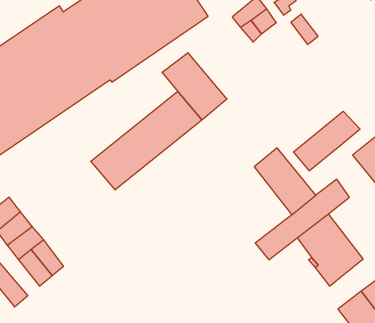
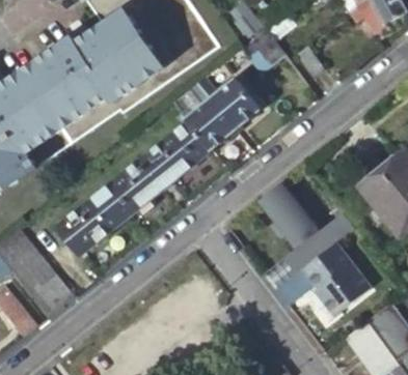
building: none -> [195,77,261,131]
building: [294,111,360,171] -> none
building: none -> [57,193,123,256]

